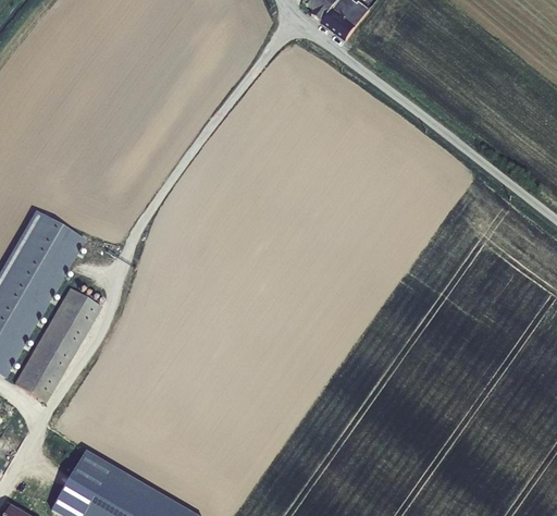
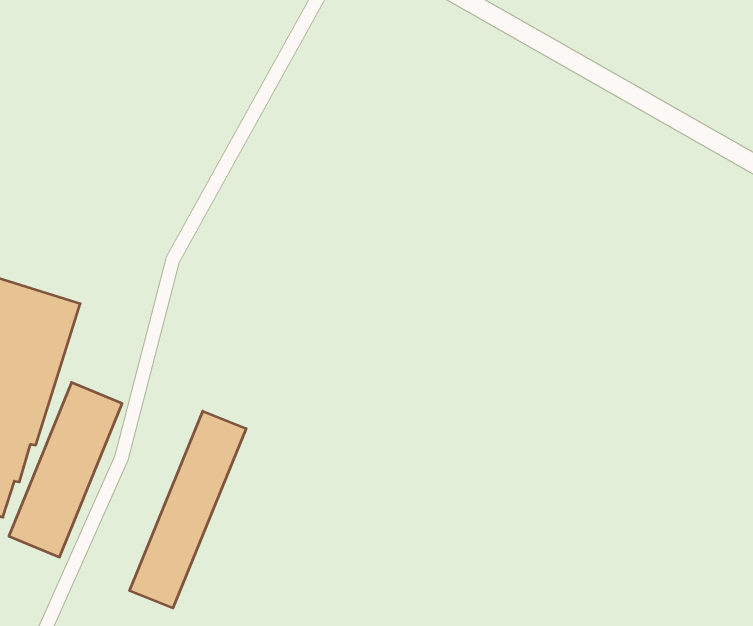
building: none -> [130,411,246,608]

